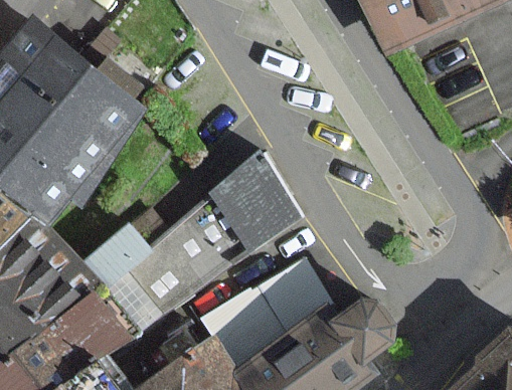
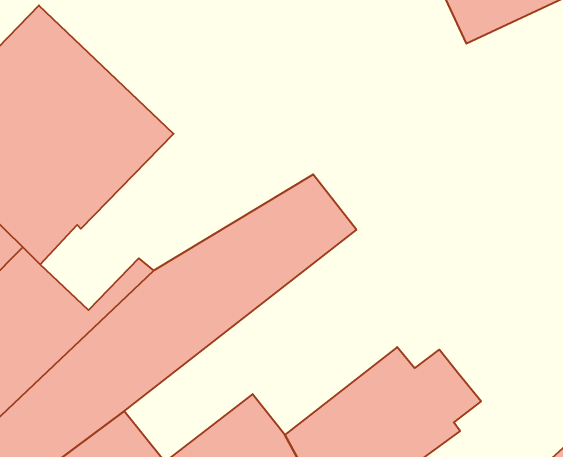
building: [206,253,331,367] -> none

